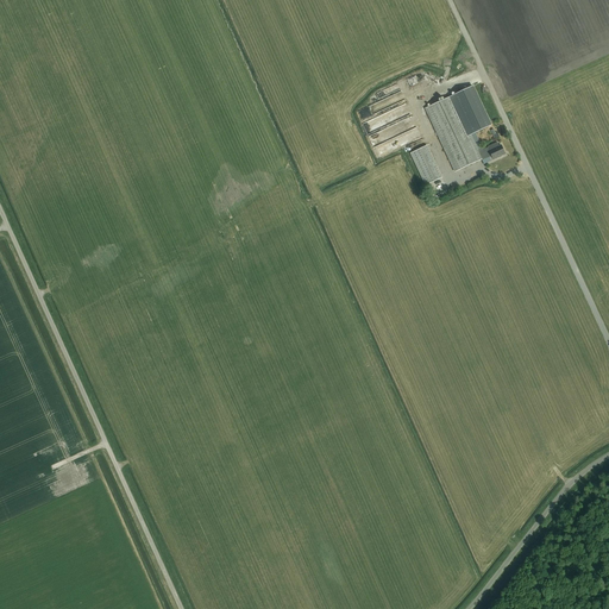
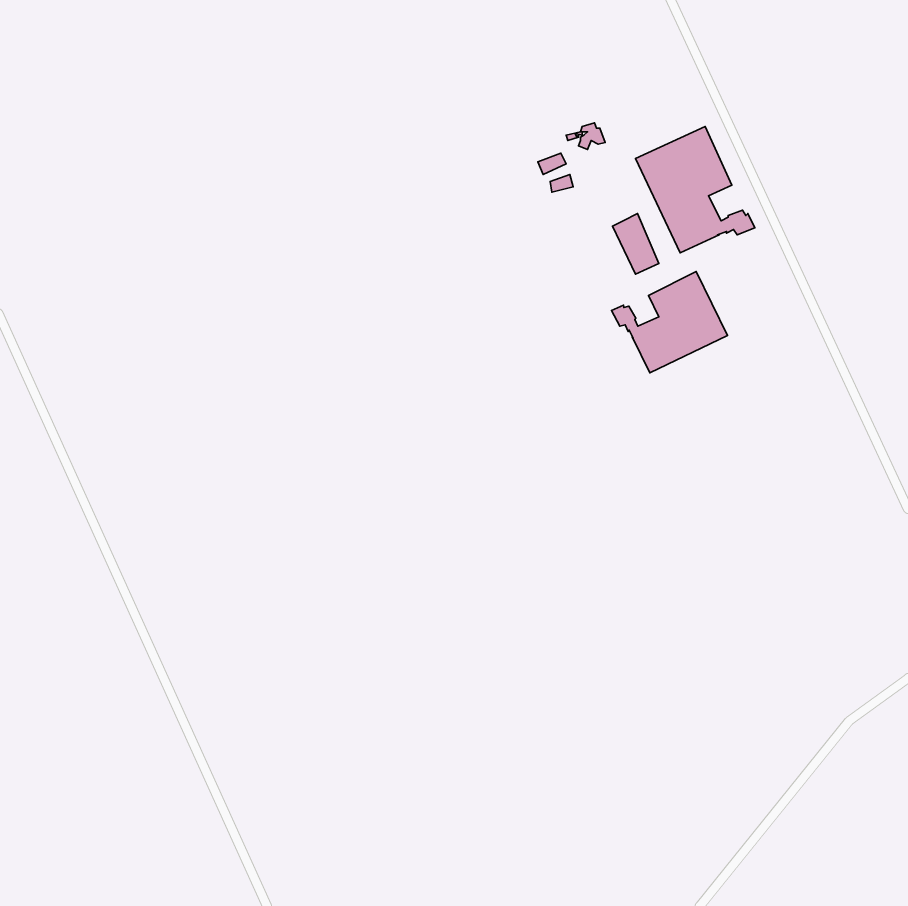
building: none -> [611,272,727,373]

